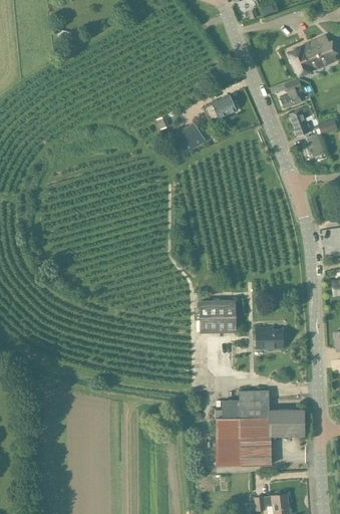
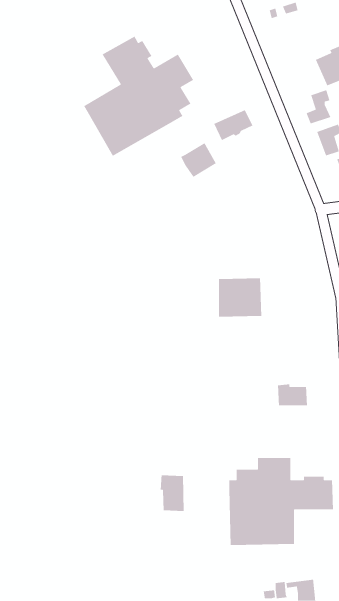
building: none -> [83,36,194,157]
building: [200,299,237,333] -> [218,277,262,318]
building: none -> [160,474,185,512]

